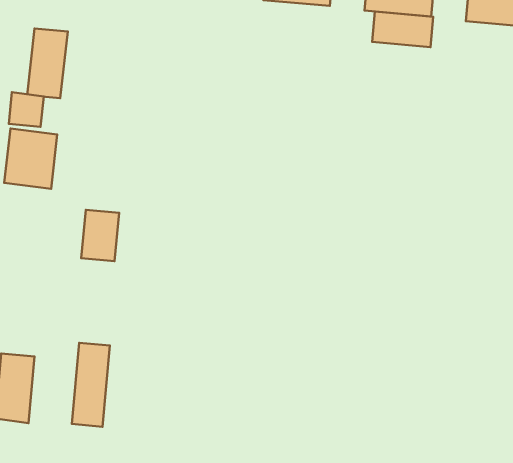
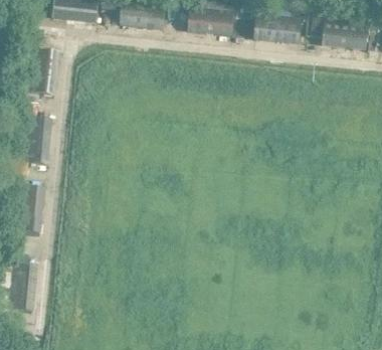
building: [372,11,433,47] -> none
building: [81,210,119,261] -> [18,187,43,221]
building: [72,343,110,427] -> none

